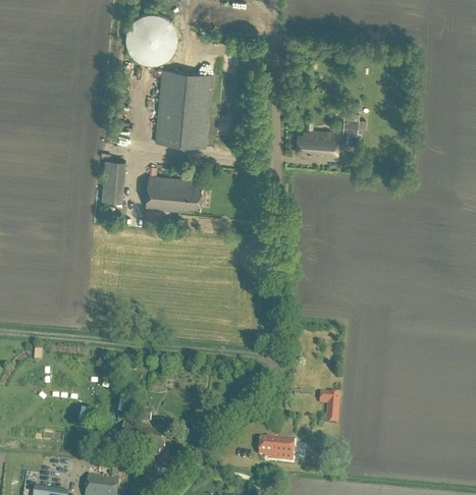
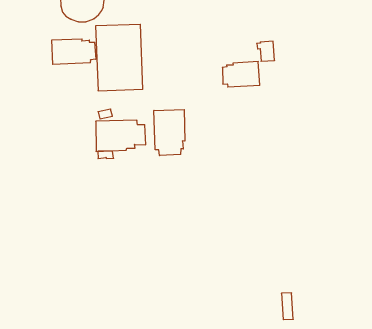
building: none -> [52,39,96,64]
building: [101,159,125,201] -> none
building: none -> [154,110,185,156]

